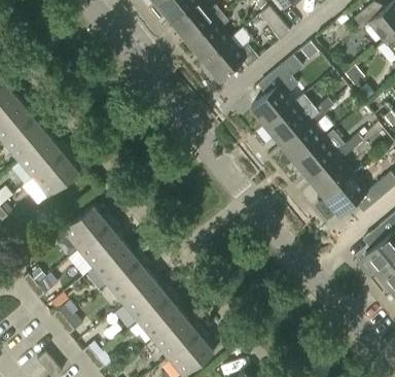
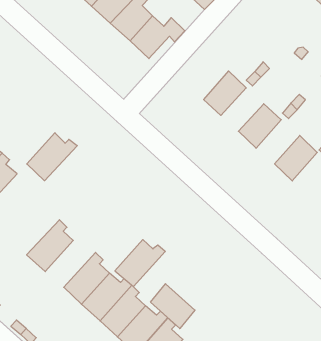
building: [250,57,301,127] -> none
building: [280,122,322,162] -> none
building: [309,157,352,198] -> none
building: [62,206,112,250] -> [27,133,77,181]
building: [92,243,142,286] -> [115,240,165,286]
building: none -> [151,284,195,329]

